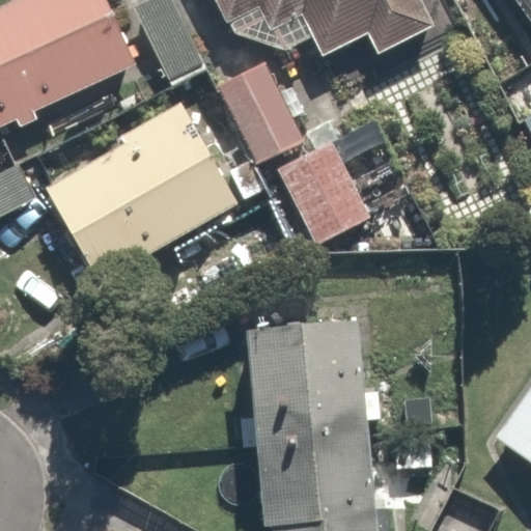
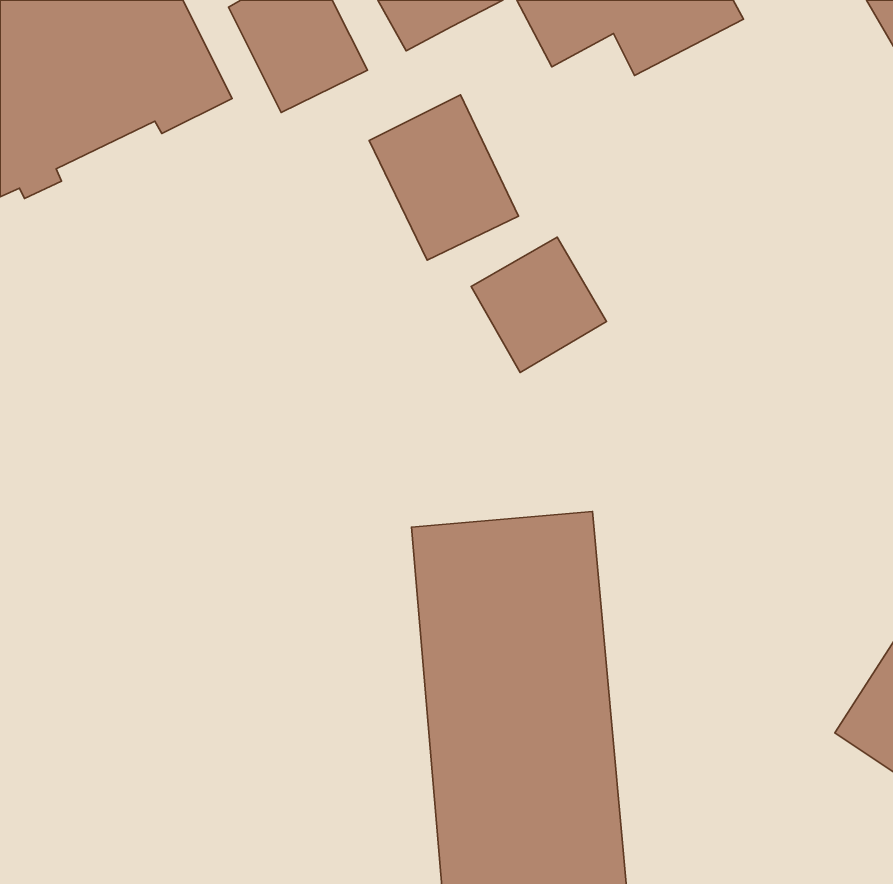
building: [41,95,241,279] -> none

